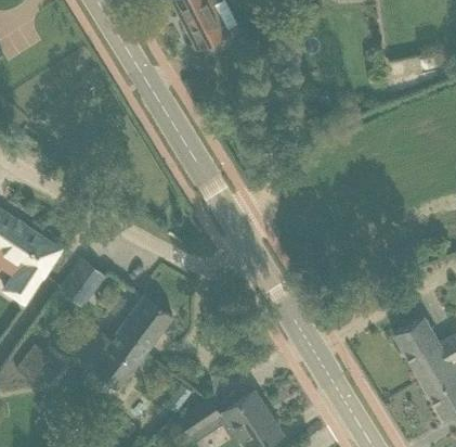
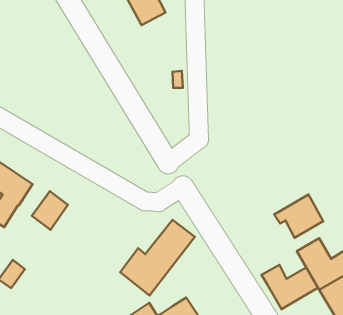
building: none -> [274,194,323,238]
building: [79,295,173,391] -> [120,220,195,295]
building: none -> [261,265,318,309]

